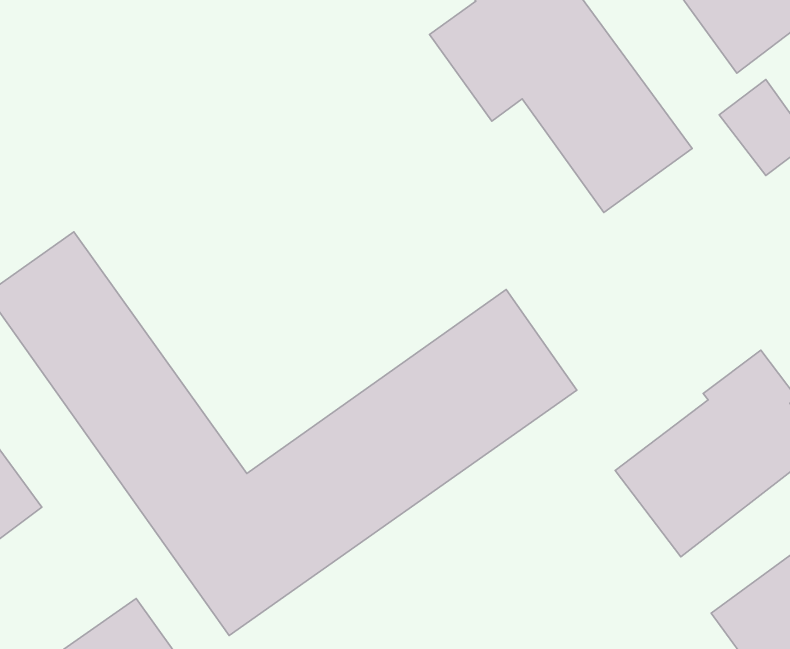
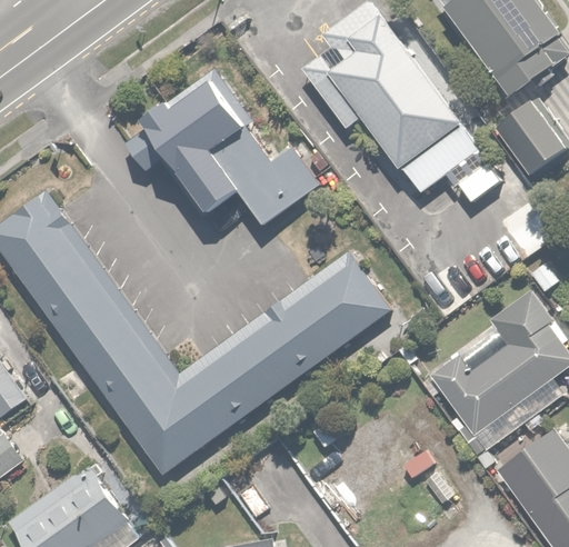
building: none -> [124,67,322,228]

